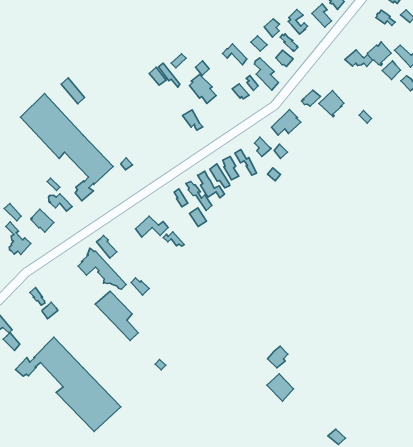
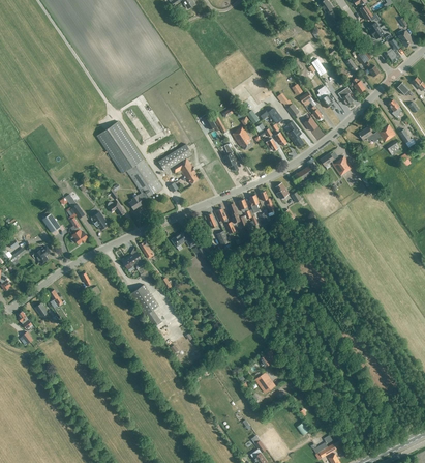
building: none -> [158,144,199,184]
building: [16,337,121,431] -> none

